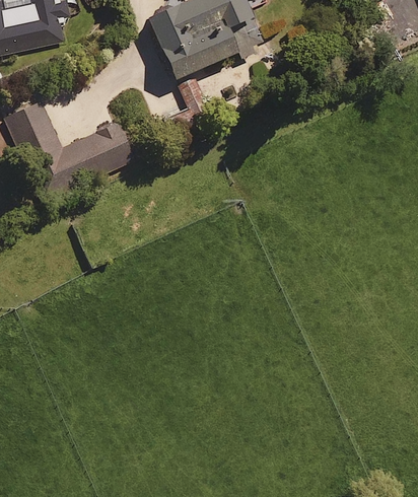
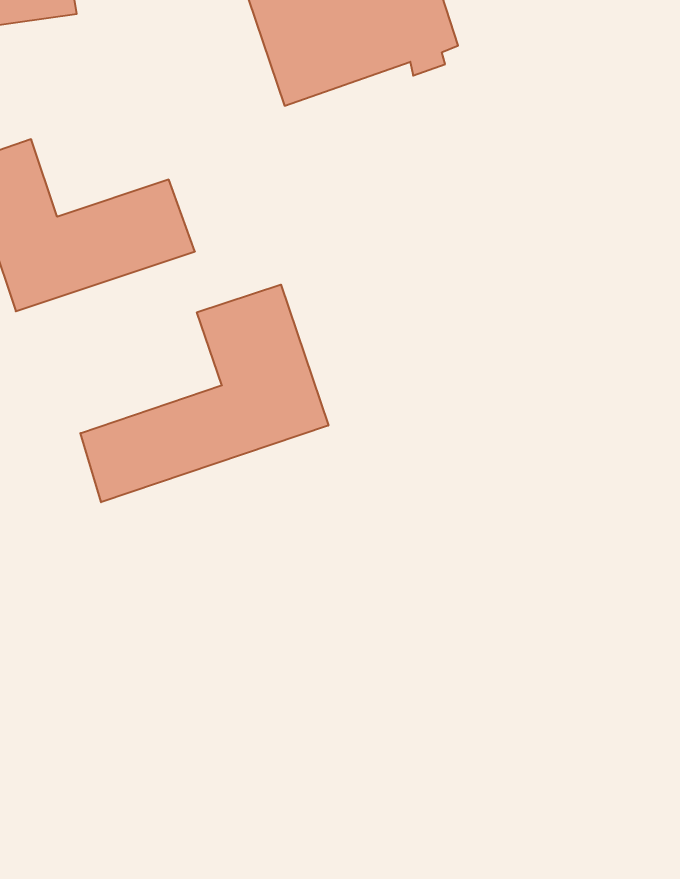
building: none -> [80,285,328,502]

